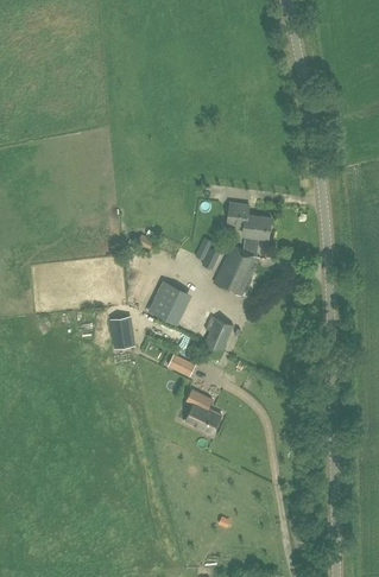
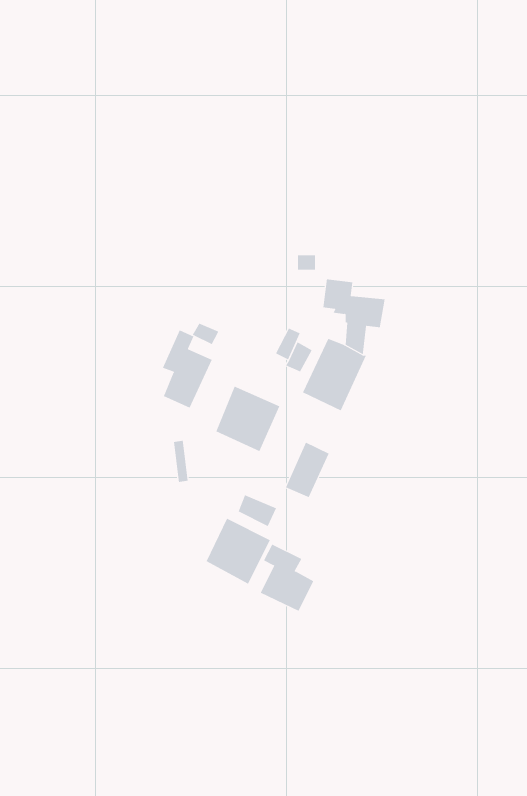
building: none -> [162,329,212,409]
building: none -> [206,518,271,585]

